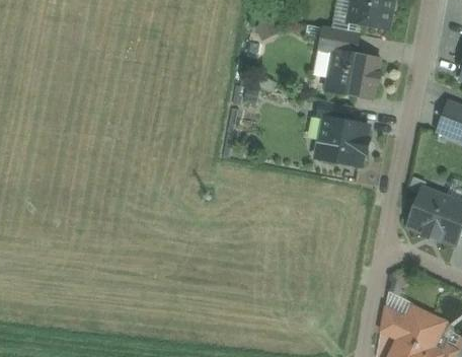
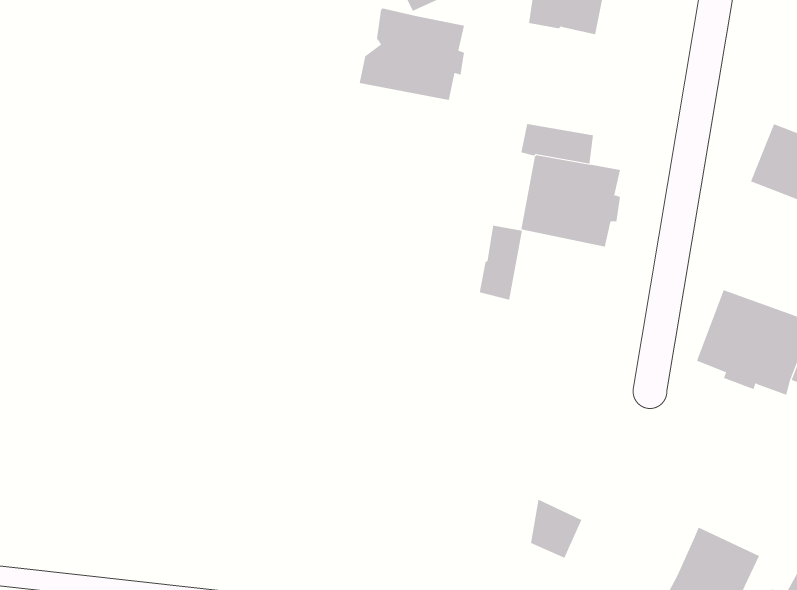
building: [324,51,380,99] -> [359,8,465,101]
building: none -> [479,225,523,300]
building: [379,307,406,339] -> [530,499,582,559]

